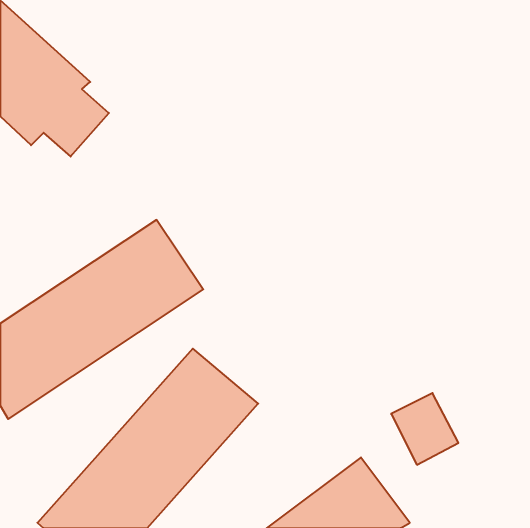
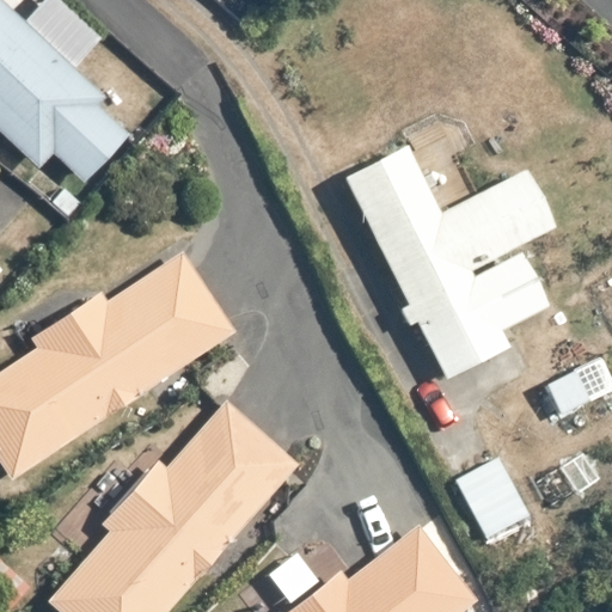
building: none -> [341,151,553,341]

